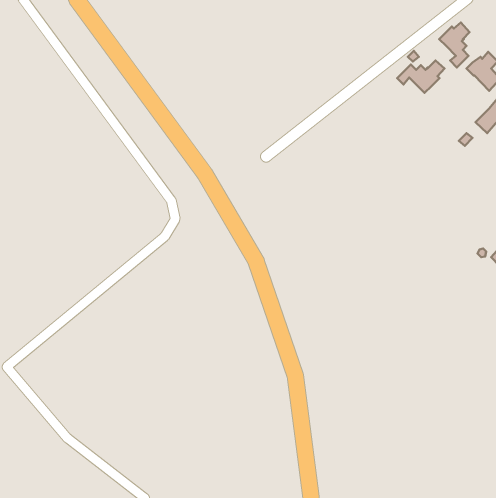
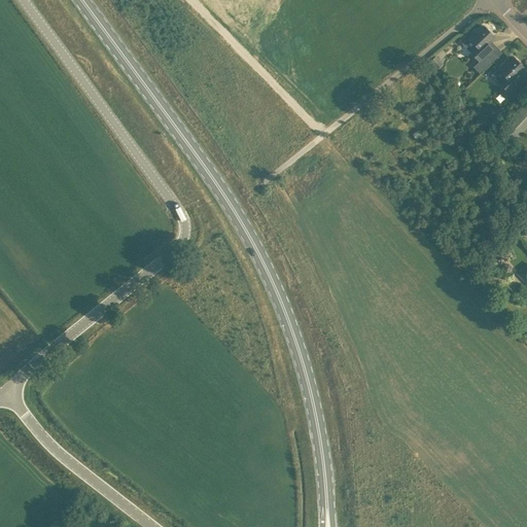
building: [397,60,445,93] -> none

